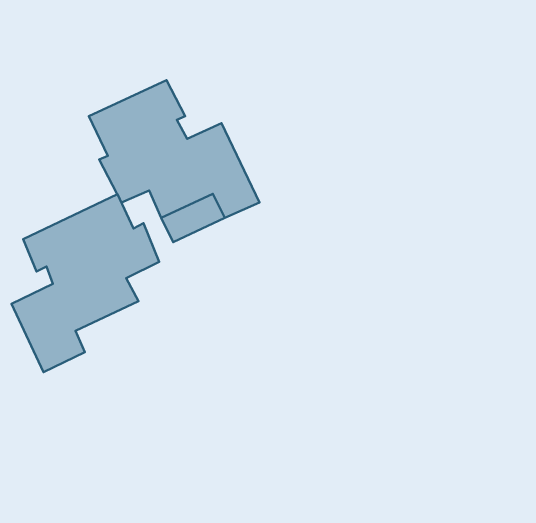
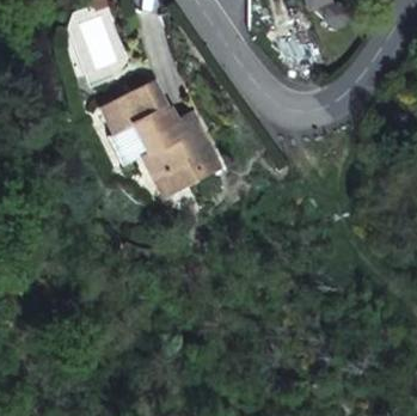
building: [12,194,159,372] -> none

